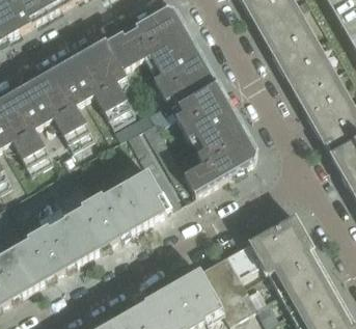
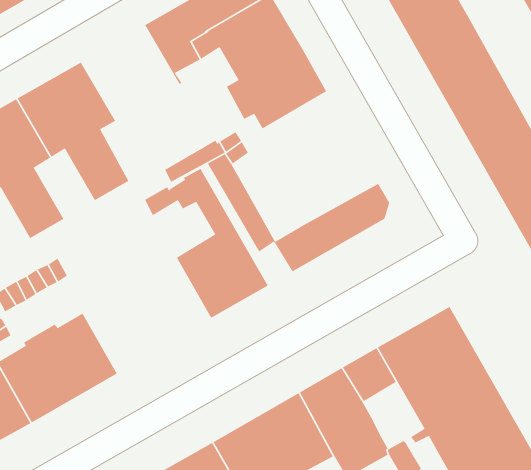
building: [63,38,135,126] -> none
building: [174,80,249,163] -> none
building: [64,184,144,256] -> none

